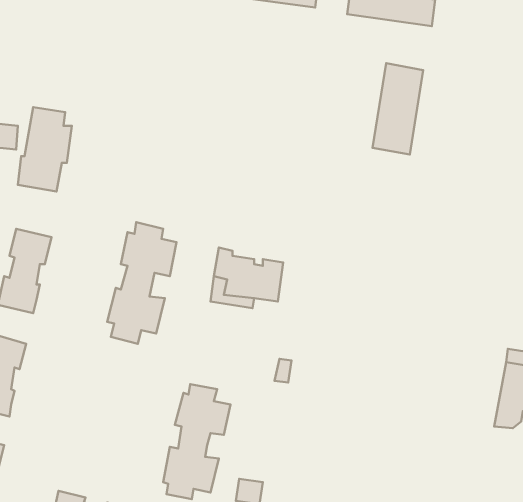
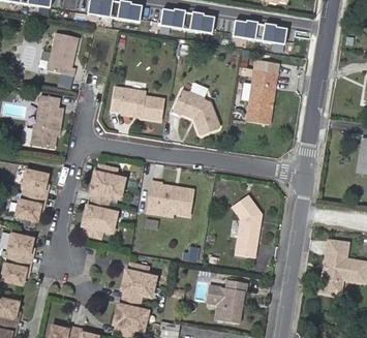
building: none -> [45,34,72,74]
building: none -> [112,86,165,120]
building: none -> [173,86,220,134]
building: none -> [232,197,262,258]
building: none -> [211,279,250,325]

